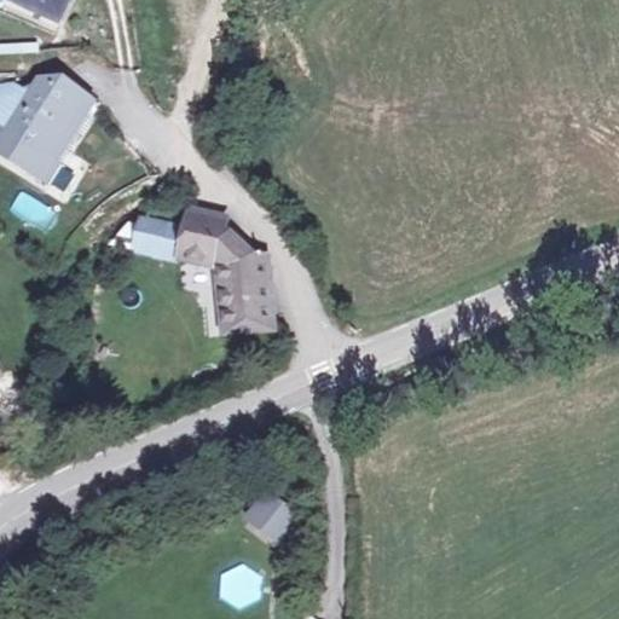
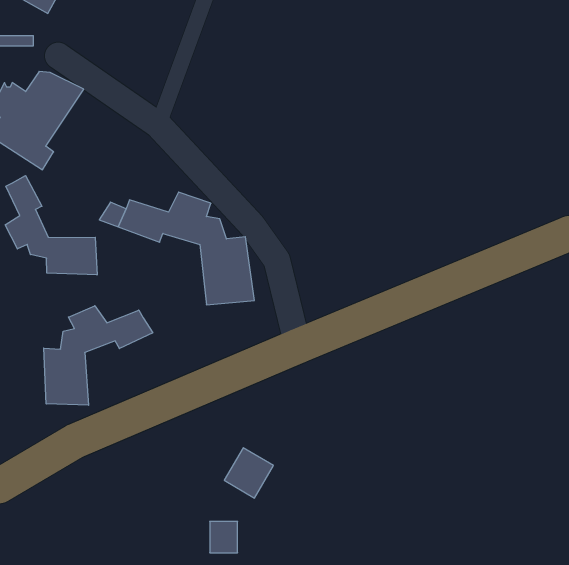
building: none -> [5,176,97,275]
building: none -> [44,306,153,405]

